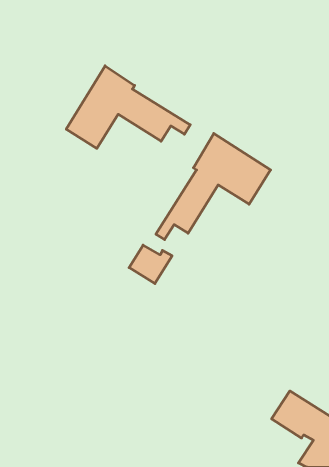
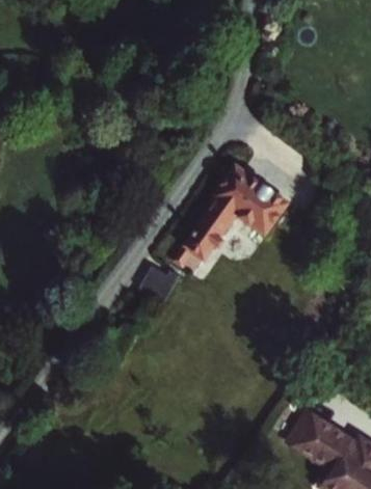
building: [66,66,190,148] -> none

